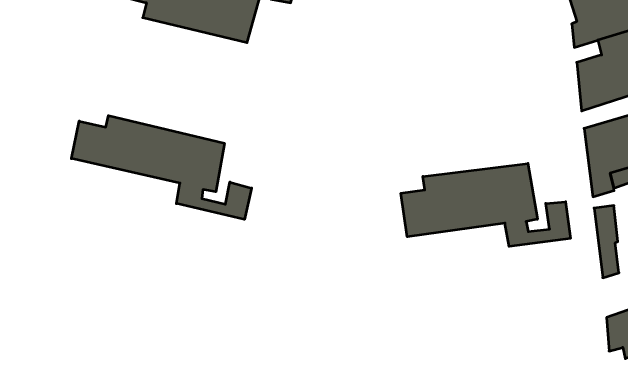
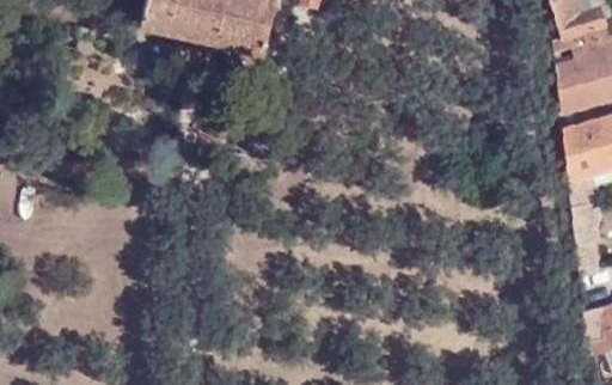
building: [71,116,252,219] -> none
building: [401,163,570,246] -> none

